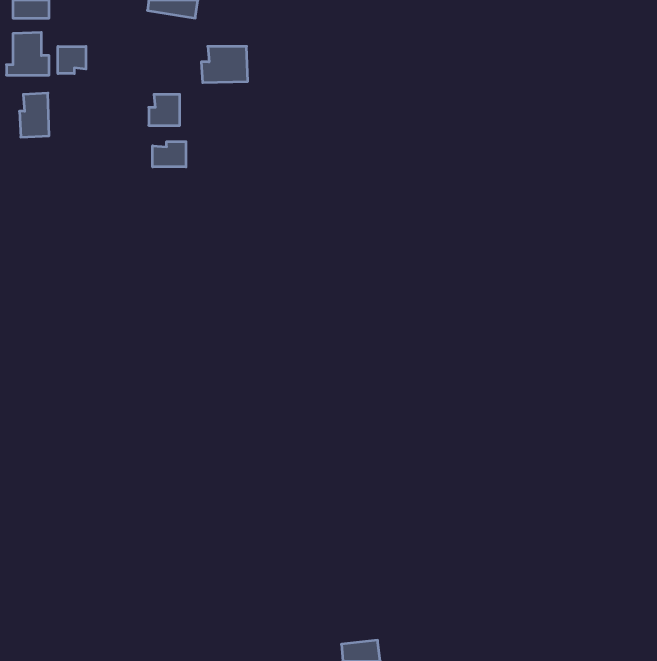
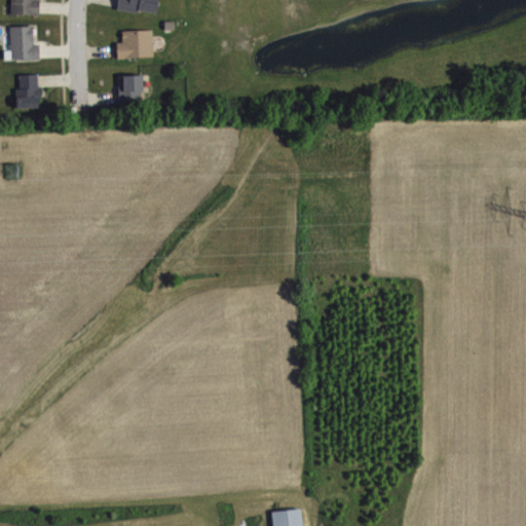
building: [58,46,86,74] -> none
building: [201,46,248,83] -> [116,30,153,59]
building: [153,142,186,167] -> none

